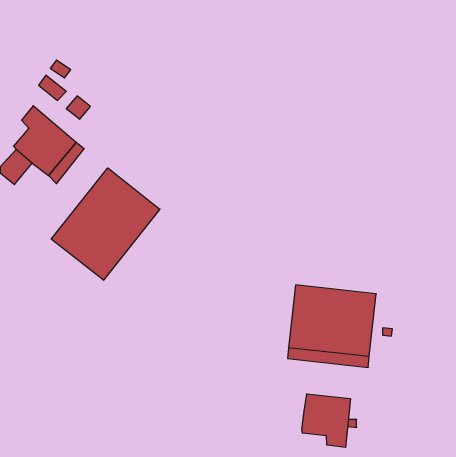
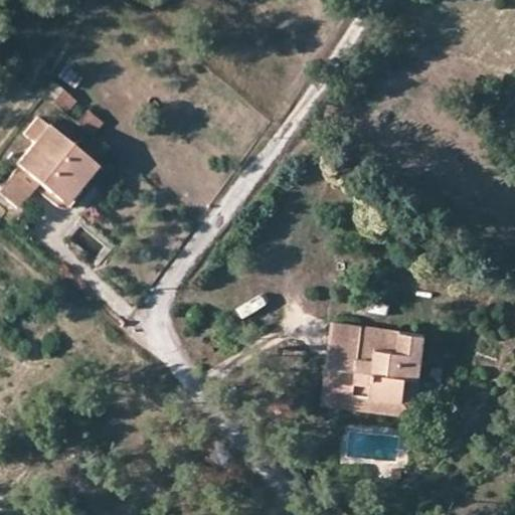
building: [51,168,160,280] -> none
building: [302,394,350,447] -> none

